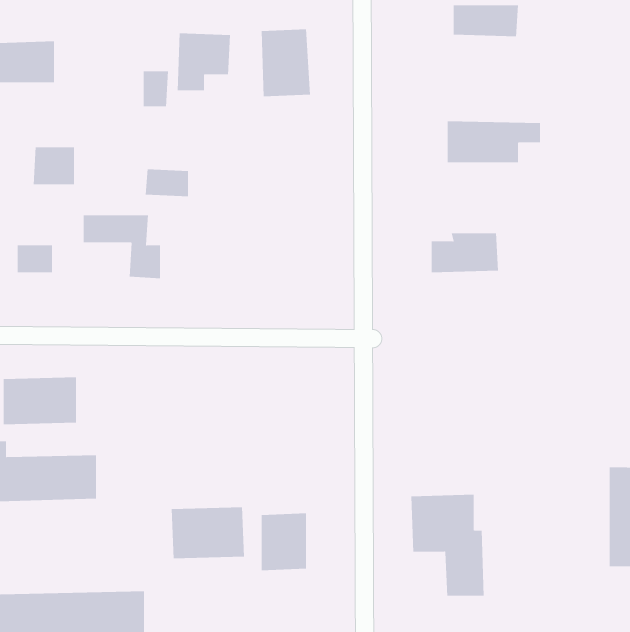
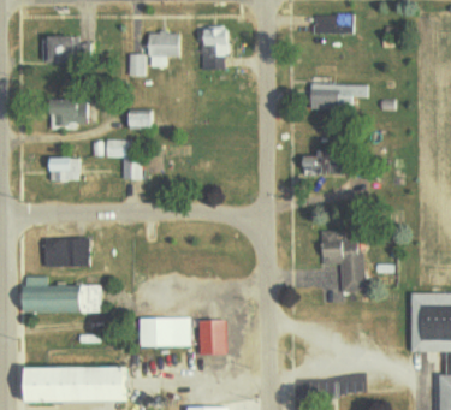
building: [411,494,485,596] -> [319,230,363,291]

